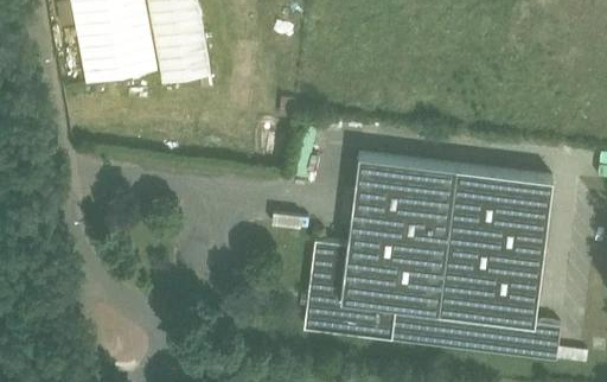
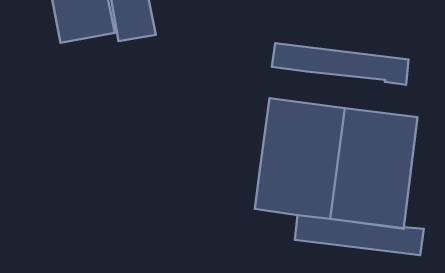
building: none -> [272,43,409,85]
building: [305,237,396,337] -> none

